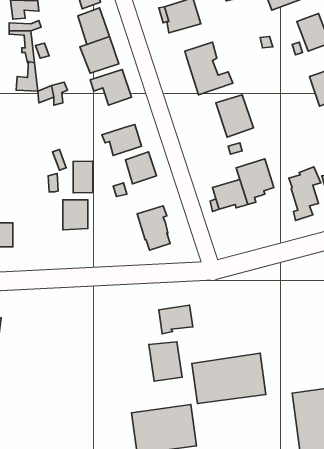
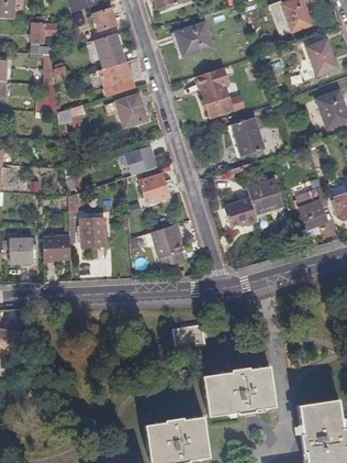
building: [73,161,93,193] -> none
building: none -> [41,235,69,260]
building: [149,342,182,381] -> none

